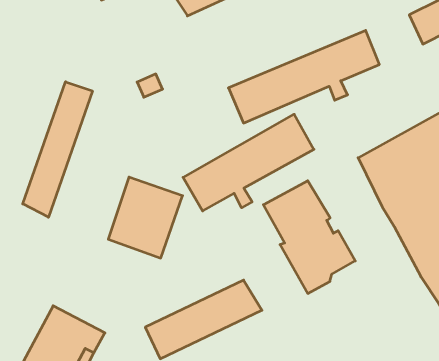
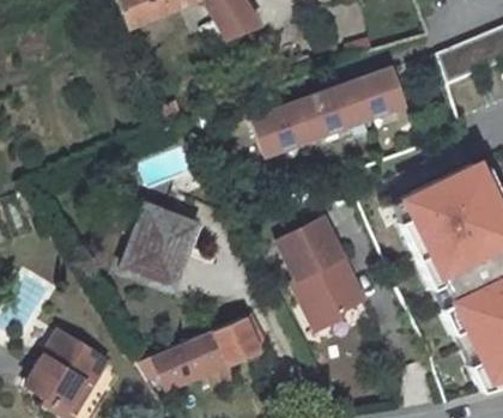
building: [23,82,92,217] -> none
building: [183,114,314,211] -> none

